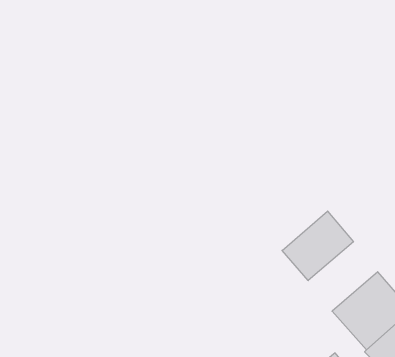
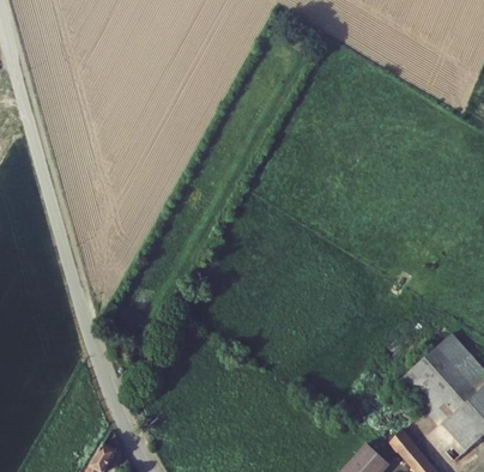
building: [282,211,353,281] -> none

